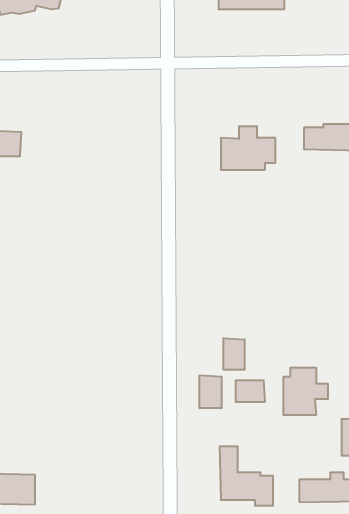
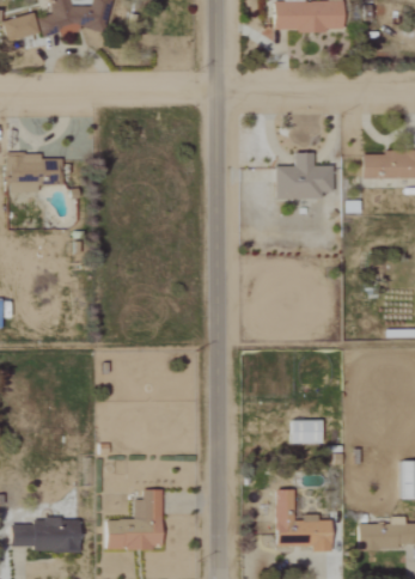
building: [223,338,245,370] -> none
building: [283,368,328,415] -> none
building: [199,375,222,408] -> none
building: none -> [106,489,163,549]

